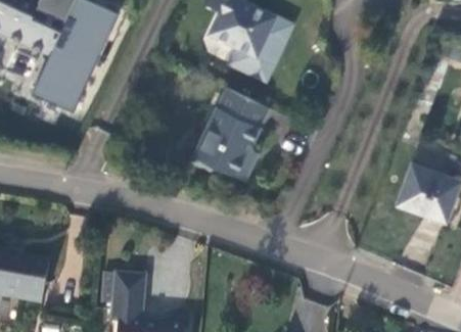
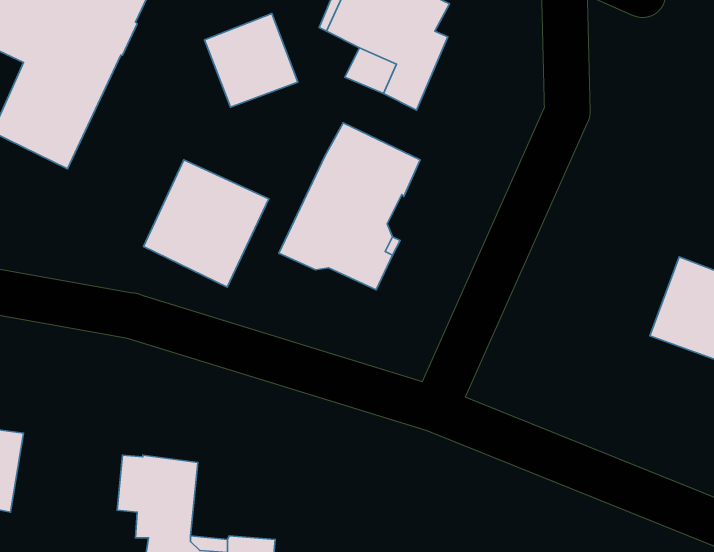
building: none -> [204,13,298,107]
building: none -> [144,160,269,287]

